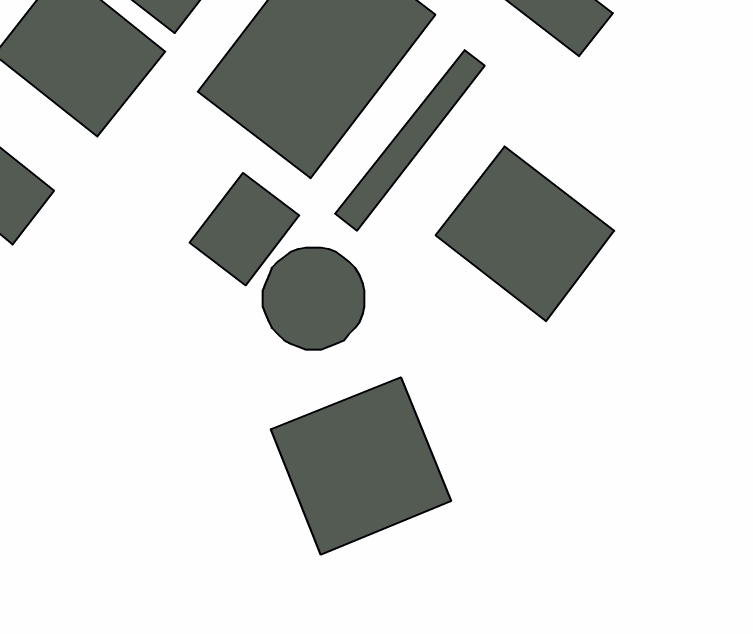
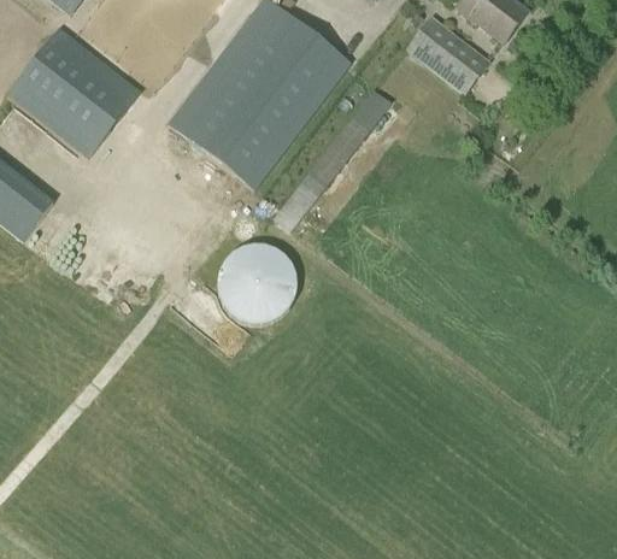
building: [436,146,614,321] -> none
building: [190,173,299,285] -> none
building: [271,377,451,555] -> none

